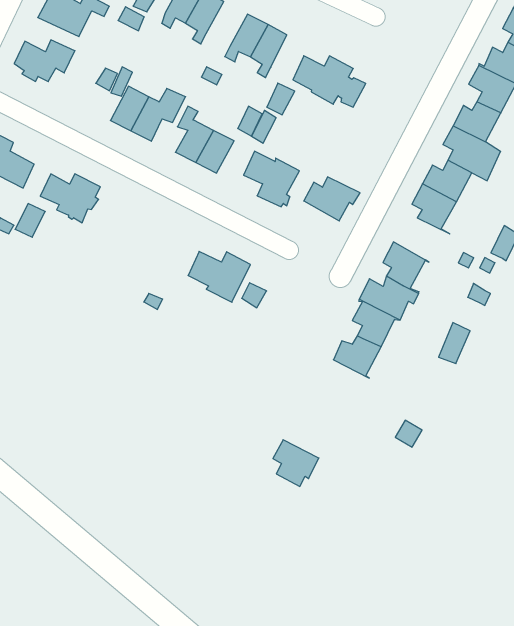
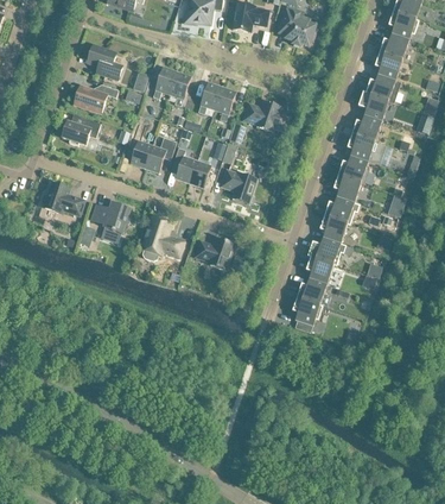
building: [304,177,360,221] -> [324,197,360,225]
building: none -> [140,215,184,260]
building: [273,440,319,486] -> [292,297,322,326]

